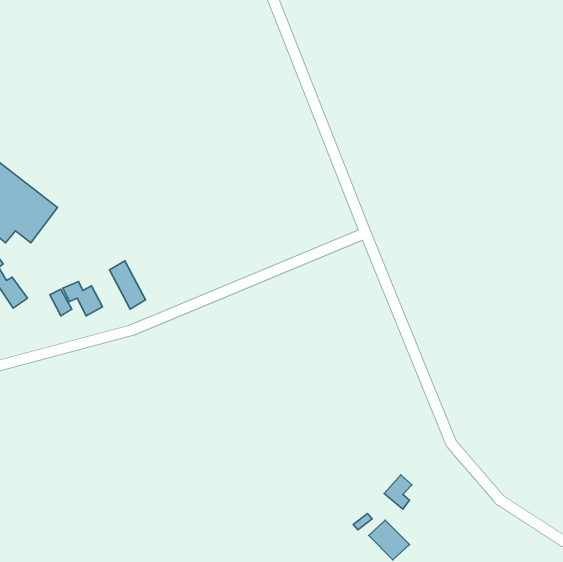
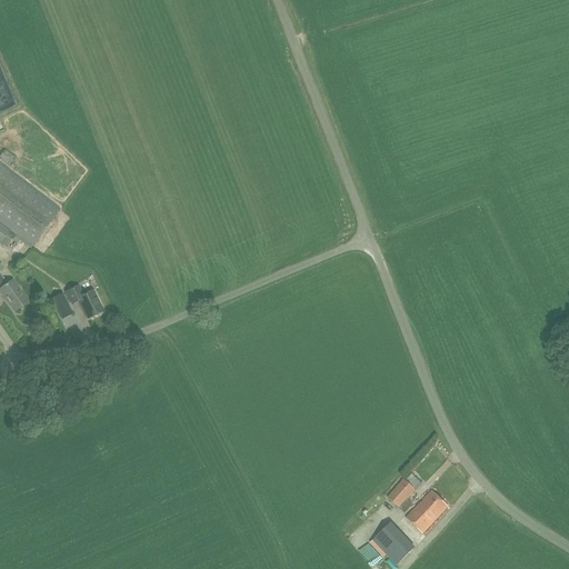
building: [110,261,145,309] -> none
building: none -> [406,490,448,532]

